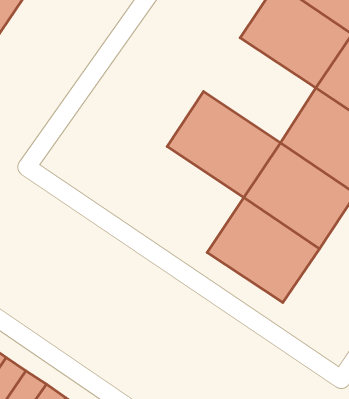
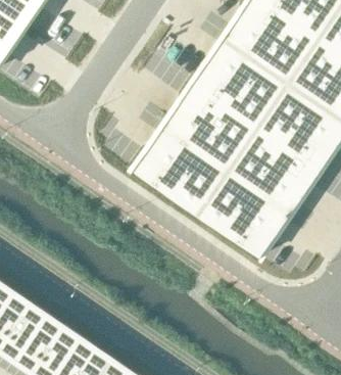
building: none -> [193,36,287,124]
building: none -> [132,127,227,216]

